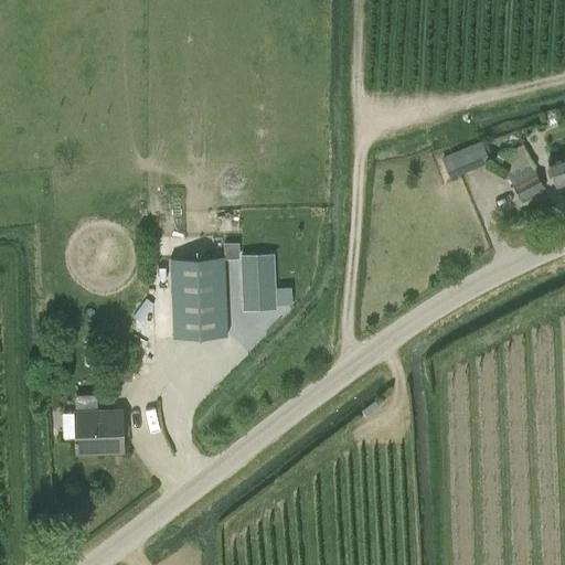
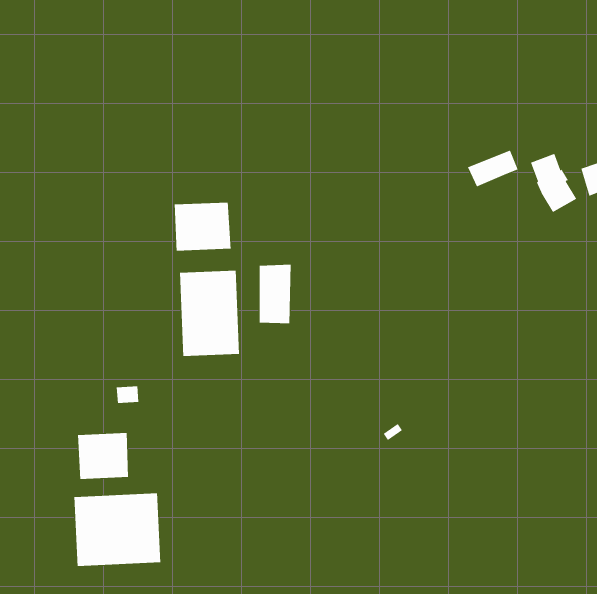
building: none -> [174,202,231,252]
building: none -> [74,493,161,567]

